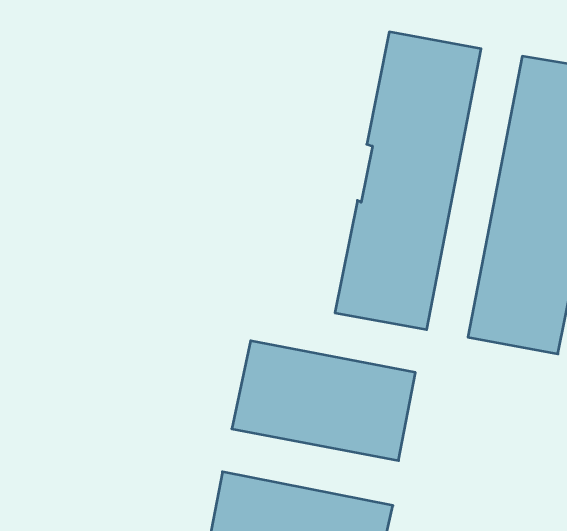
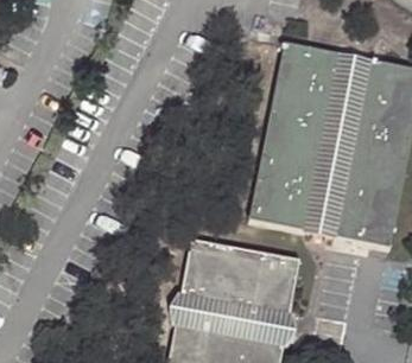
building: none -> [303,55,363,237]
building: none -> [167,295,292,344]

